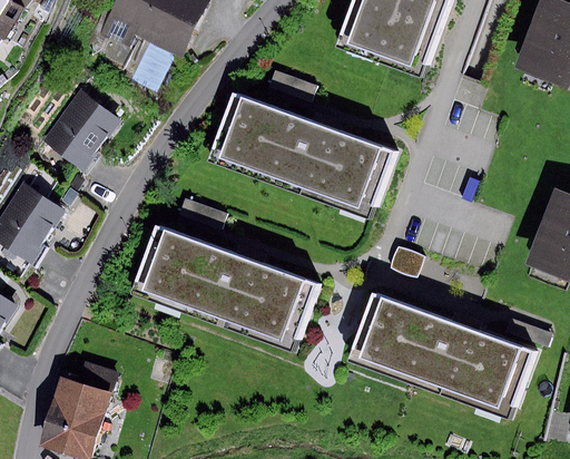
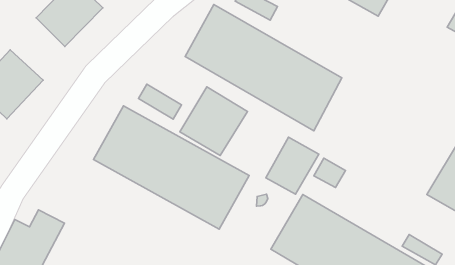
building: none -> [180,87,248,155]
building: none -> [266,137,319,194]

